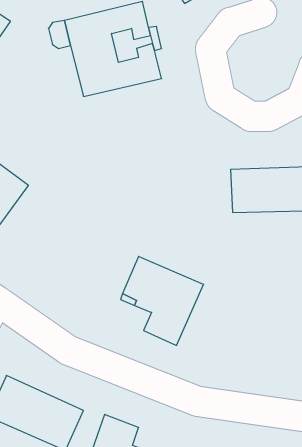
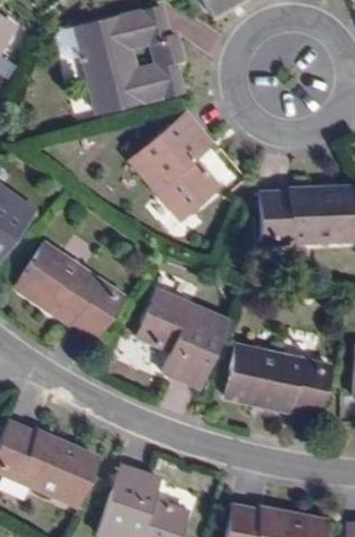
building: none -> [130,112,213,219]
building: none -> [17,243,122,337]
building: none -> [225,346,328,414]

